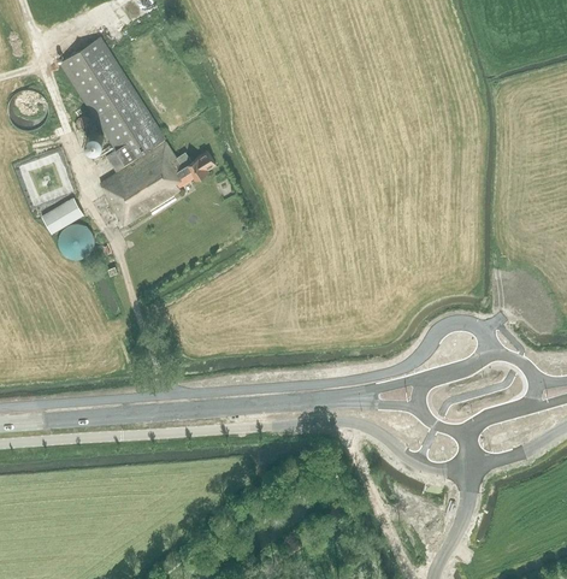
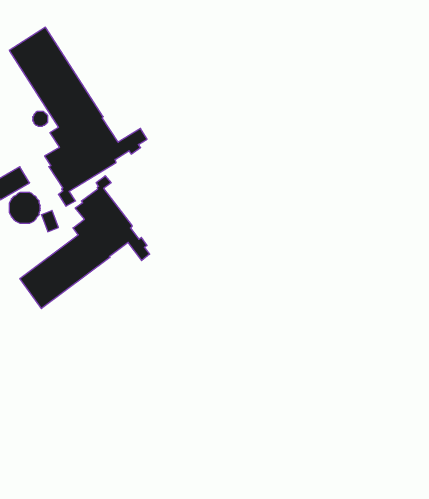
building: none -> [20,176,150,309]

